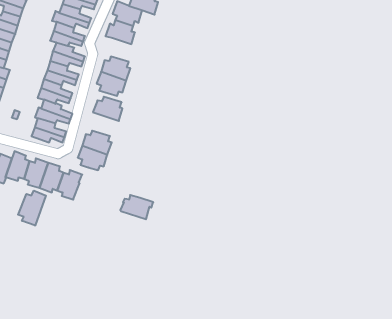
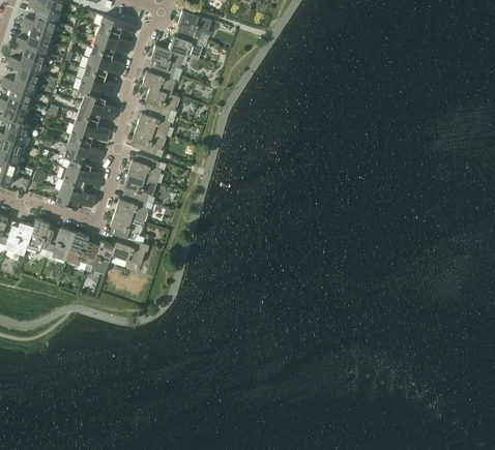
building: none -> [145,86,179,114]
building: none -> [123,172,157,200]
building: [18,191,46,226] -> none
building: [120,195,153,219] -> [111,236,149,264]

